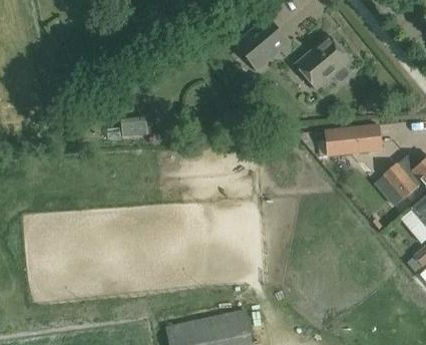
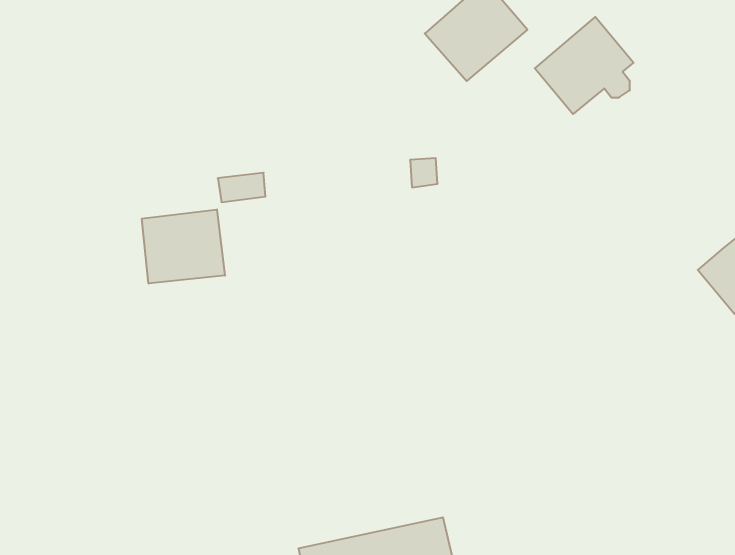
building: [326,125,382,156] -> none
building: none -> [142,209,225,284]

